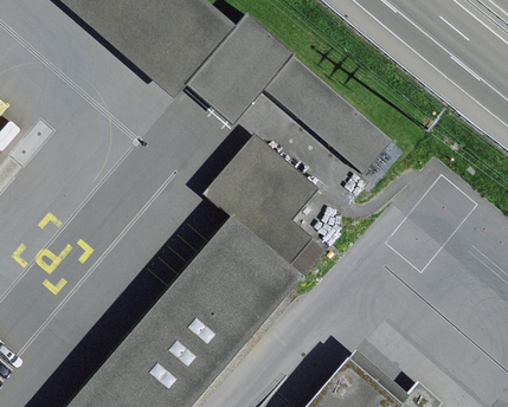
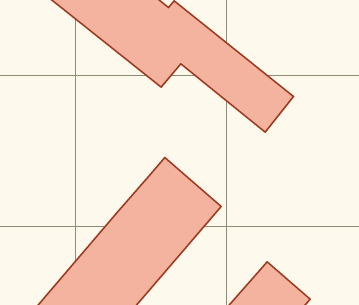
building: [202,136,326,278] -> none

